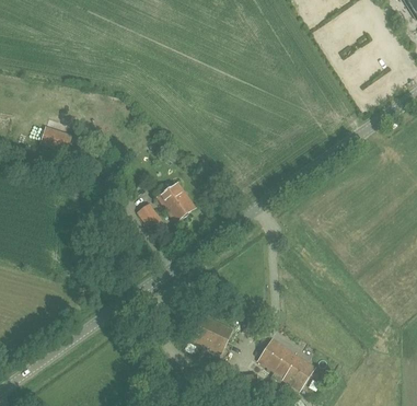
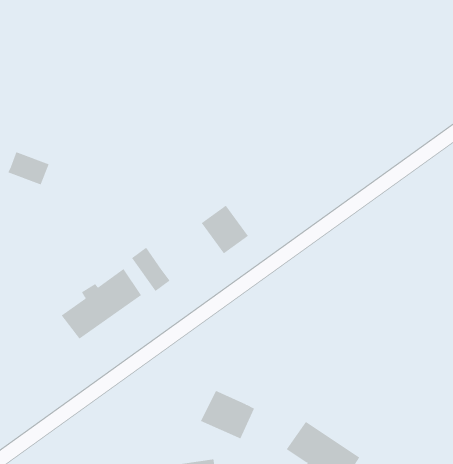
building: [158,182,195,220] -> [201,205,249,254]
building: none -> [61,268,142,340]

